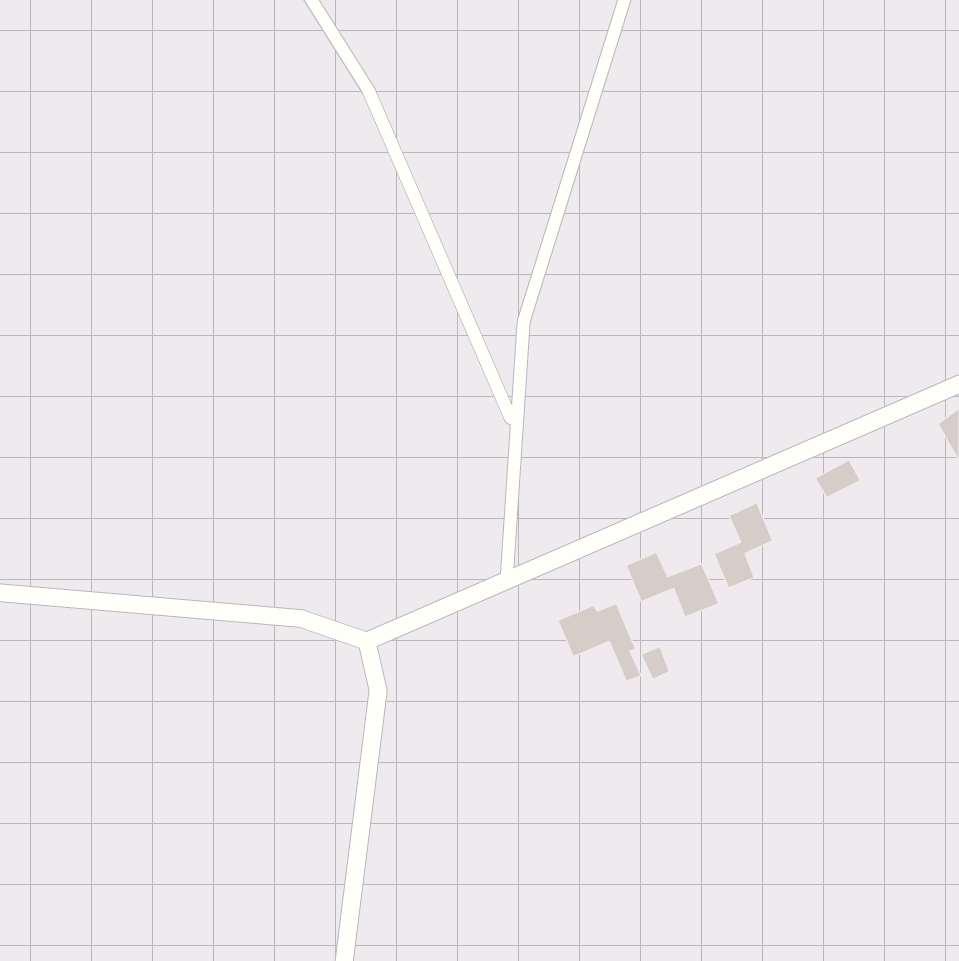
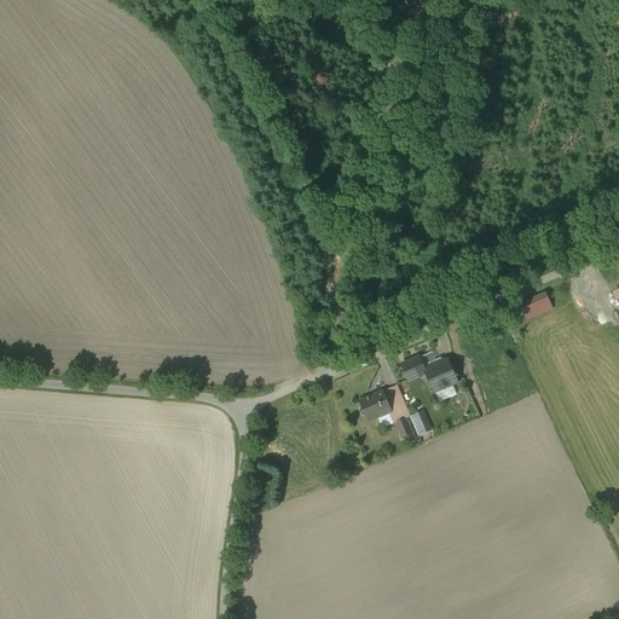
building: [714,503,772,588] -> none

